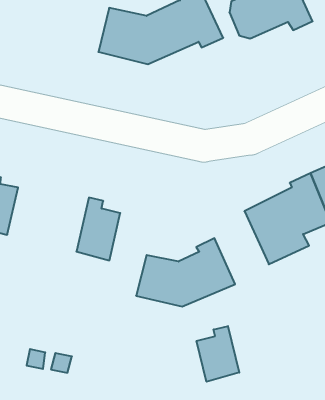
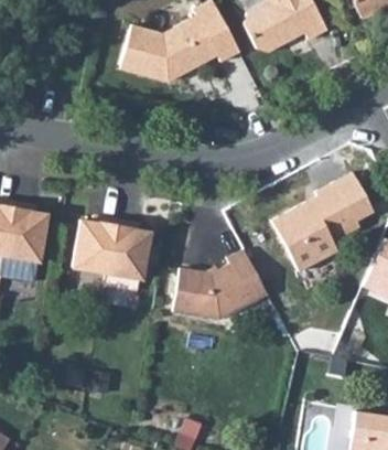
building: none -> [75,215,118,271]
building: [197,326,239,382] -> none

